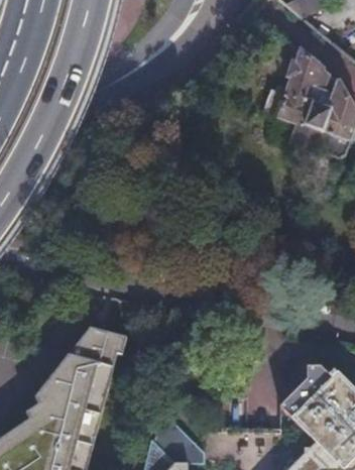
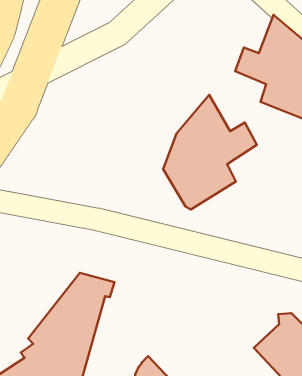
building: none -> [163,95,257,209]

